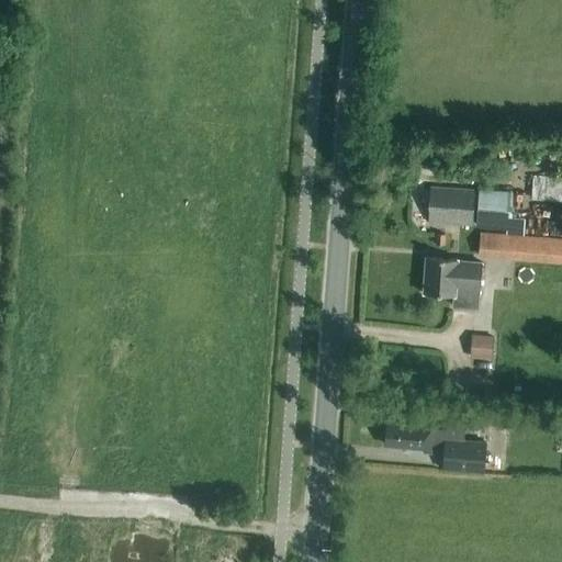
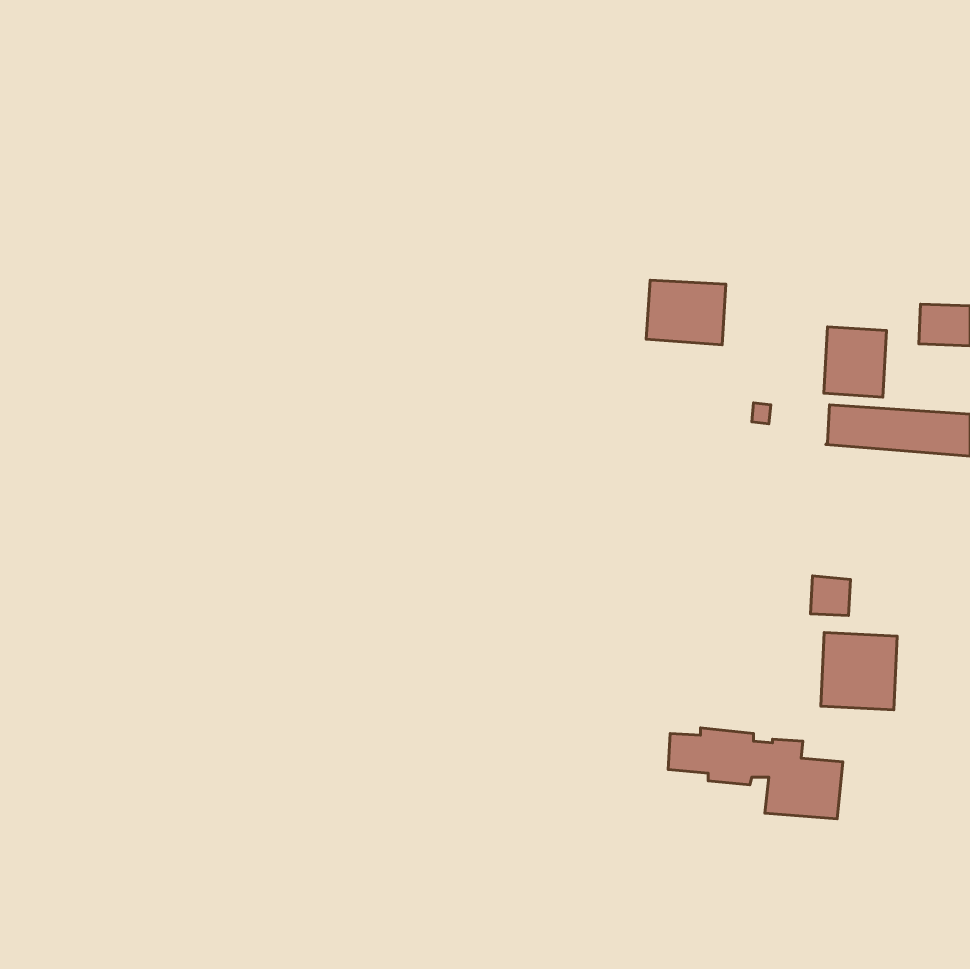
building: [428,189,474,226] -> [646,280,726,345]
building: [424,257,483,308] -> none
building: none -> [821,633,897,710]

